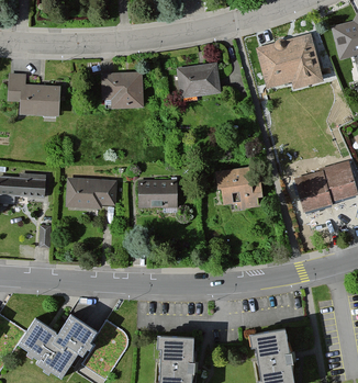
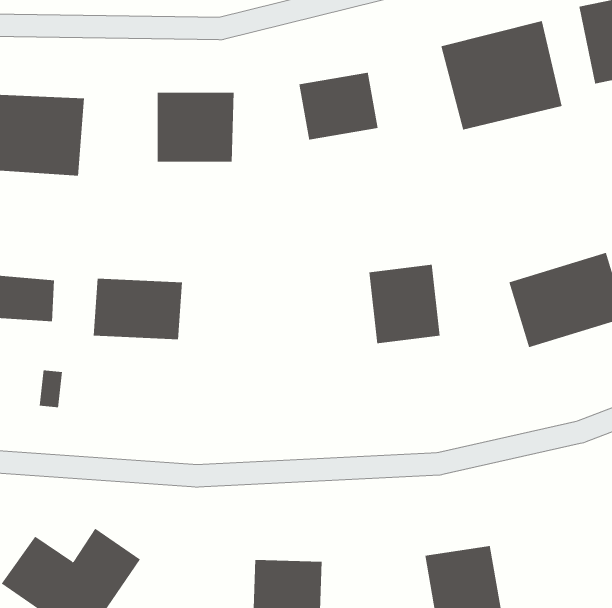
building: [141,181,177,211] -> none

